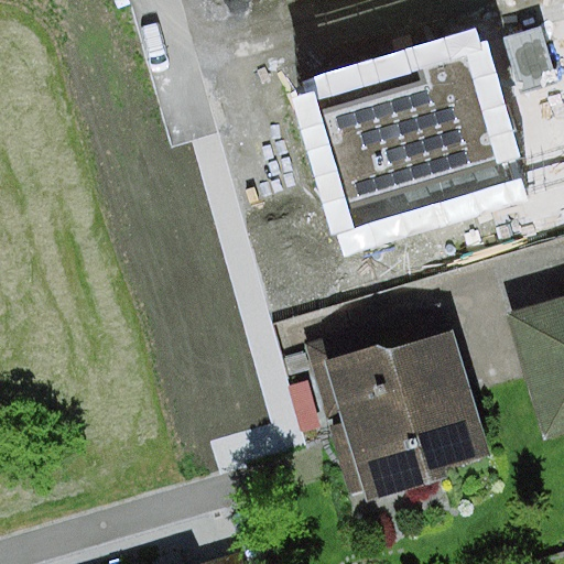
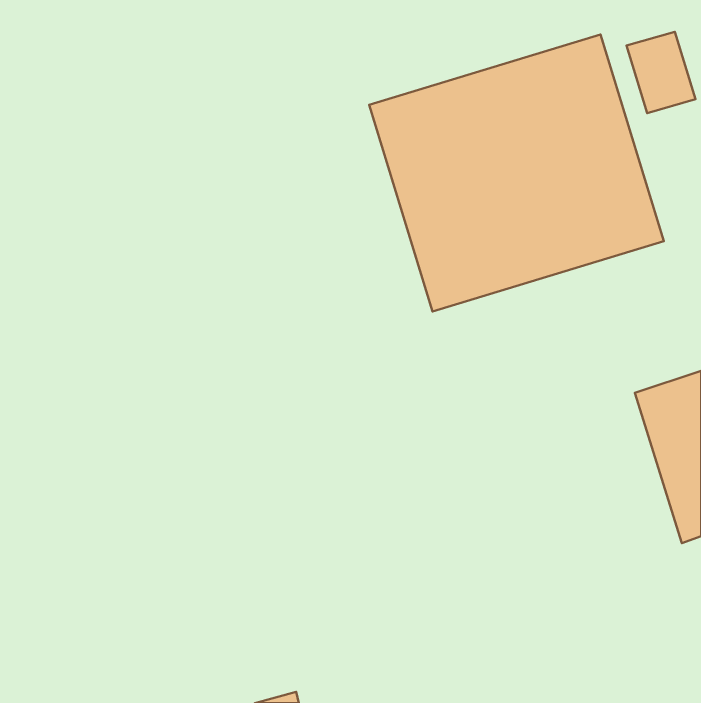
building: [304,301,497,503] -> none

